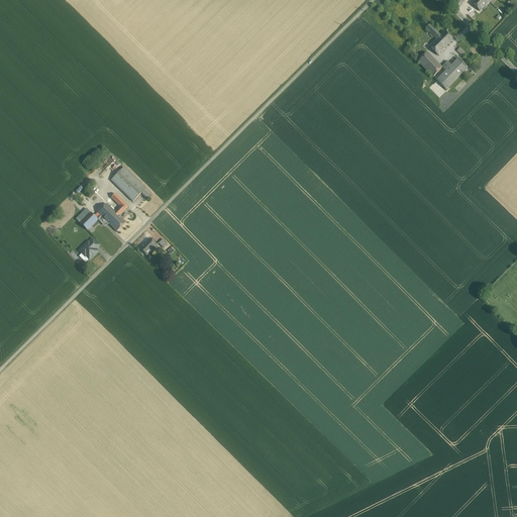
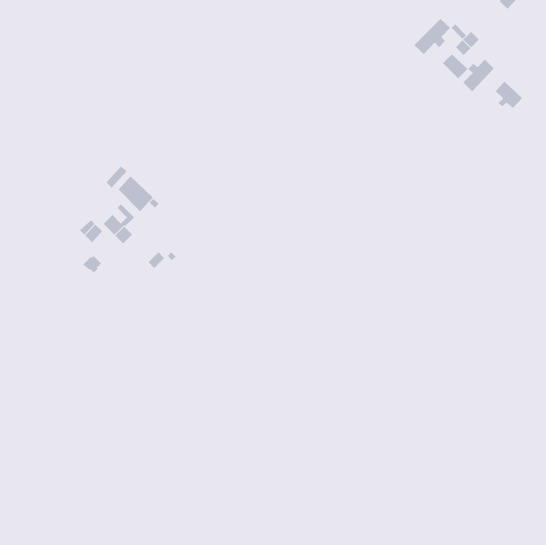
building: none -> [414,18,451,55]
building: none -> [495,81,523,109]

